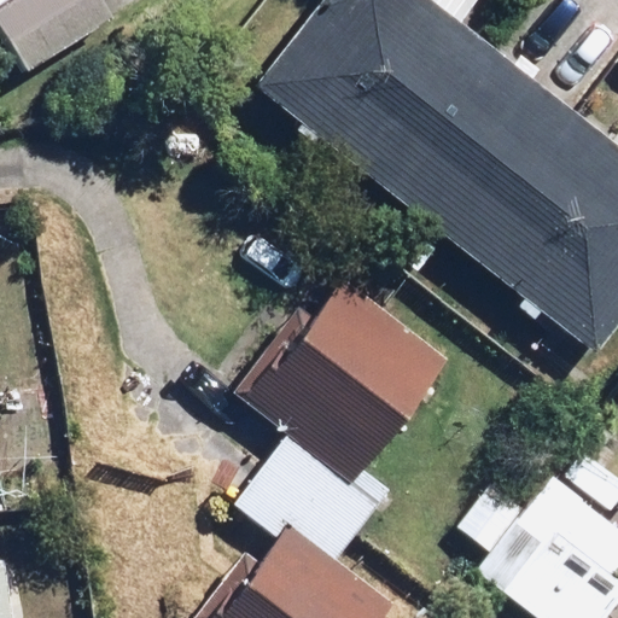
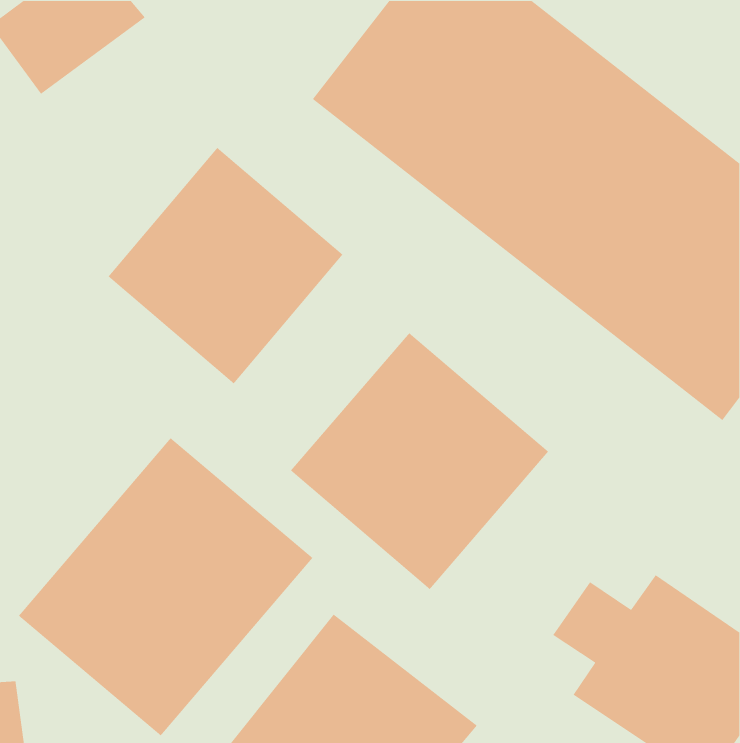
building: none -> [107,147,344,384]
building: none -> [18,437,313,736]

